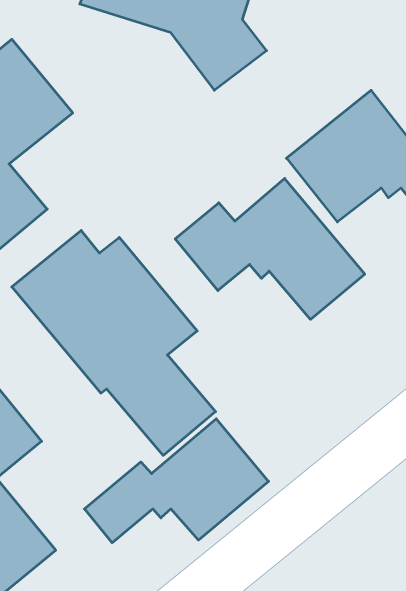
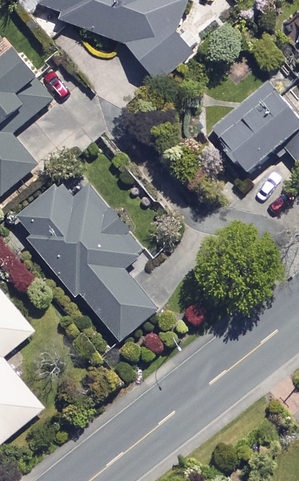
building: [175,178,365,319] -> none
building: [84,419,269,543] -> none

